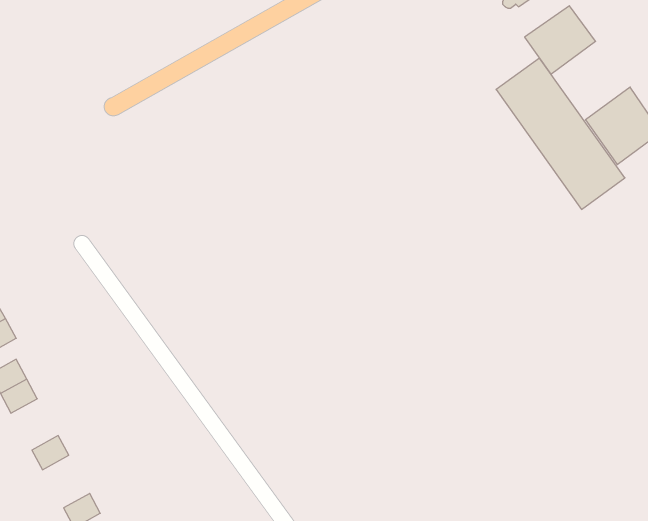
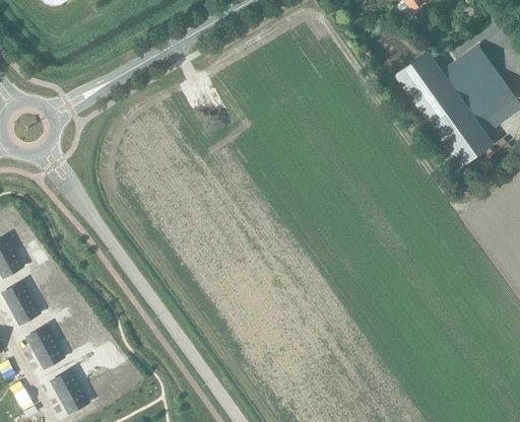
building: [525,6,596,74] -> [443,45,498,97]
building: none -> [27,326,56,352]
building: none -> [52,370,80,397]

